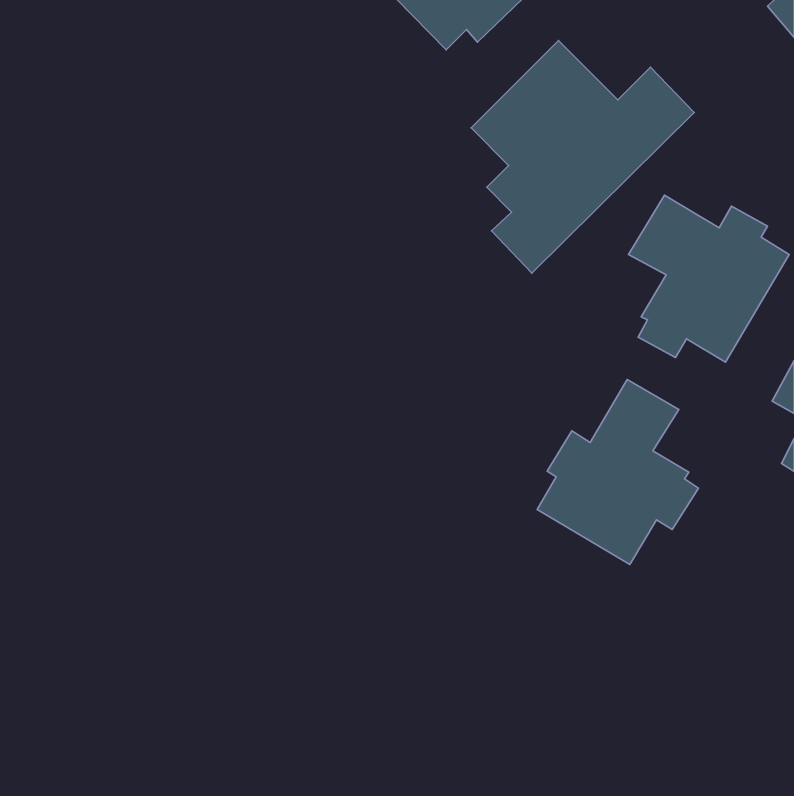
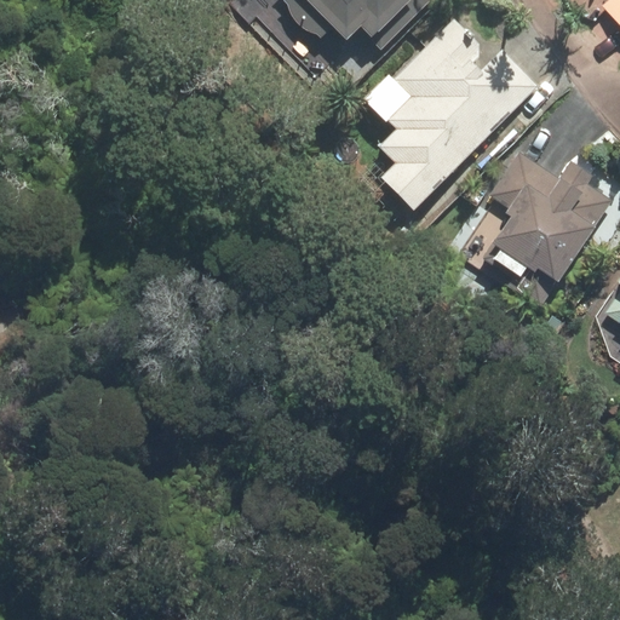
building: [537,380,698,565] -> none

